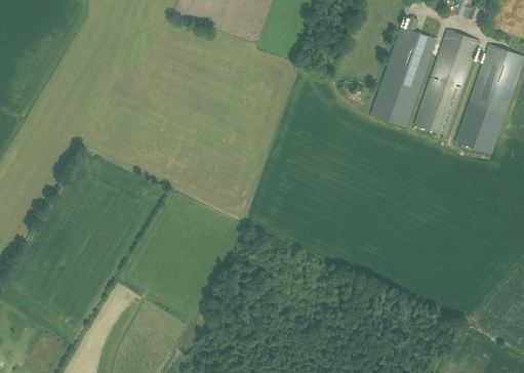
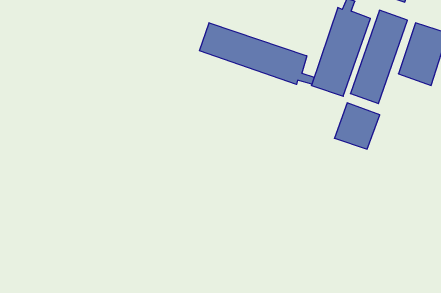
building: none -> [200,23,314,84]
building: [453,101,505,154] -> [334,103,380,149]

